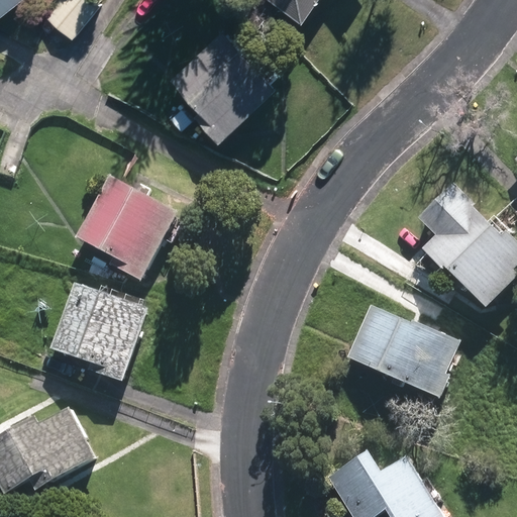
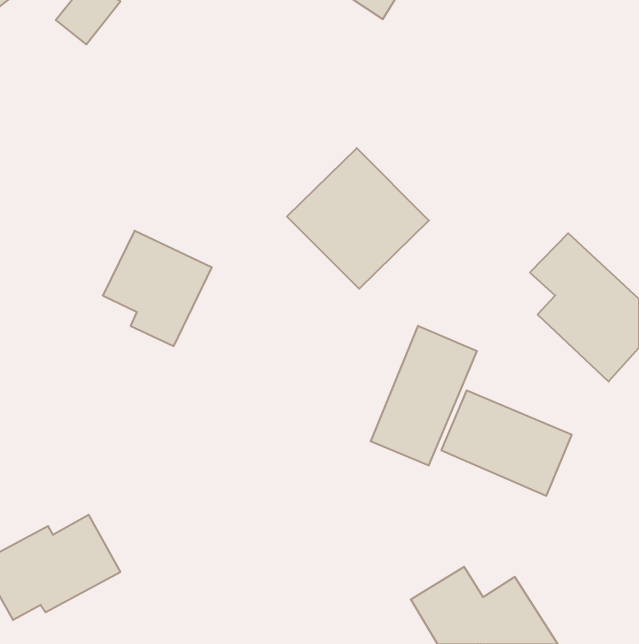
building: [163,30,276,142] -> [287,148,429,289]
building: none -> [371,326,477,466]
building: [60,287,146,378] -> none

